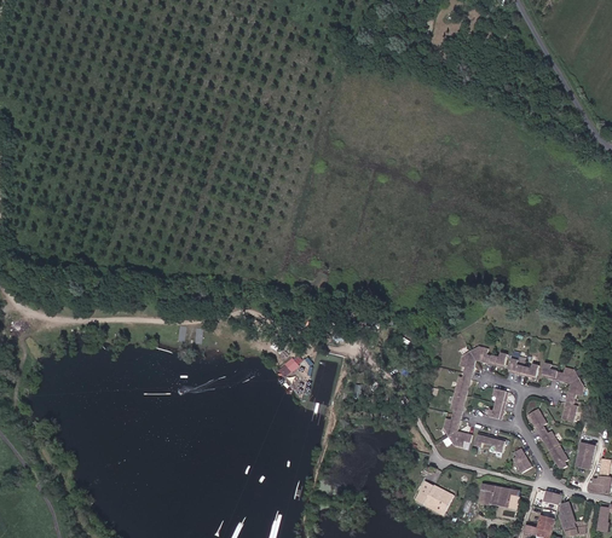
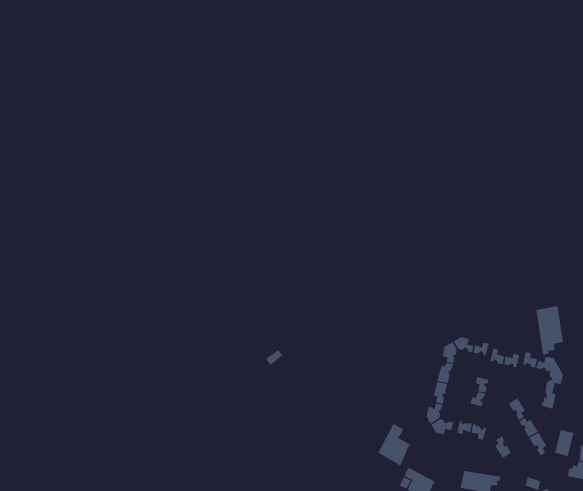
building: none -> [536,305,564,356]
building: none -> [377,423,410,467]

